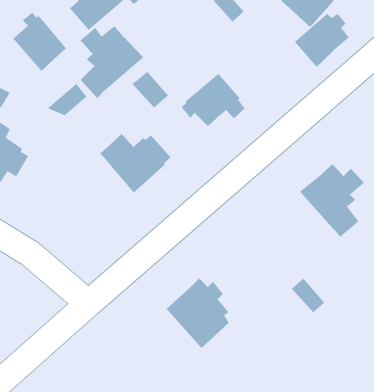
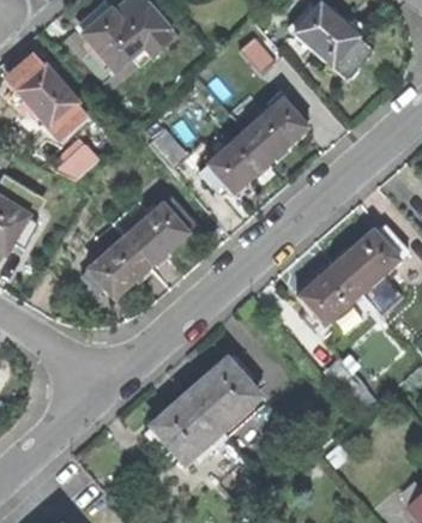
building: [294,13,350,68] -> [246,97,308,158]
building: [79,25,144,99] -> none
building: none -> [82,222,151,297]
building: none -> [299,262,375,333]
building: none -> [151,392,227,464]

